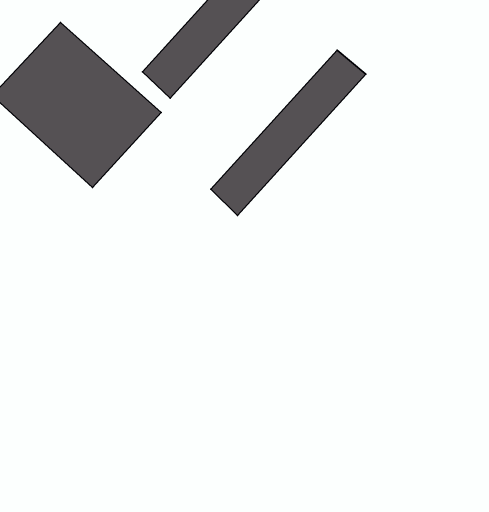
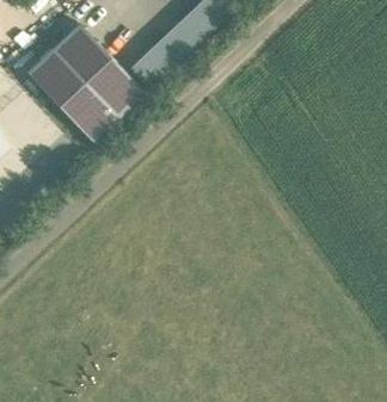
building: [211,50,366,216] -> none

